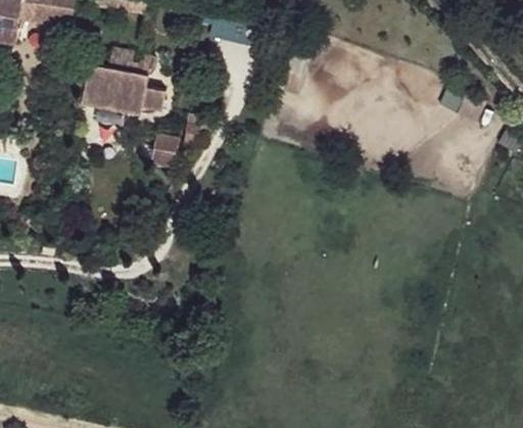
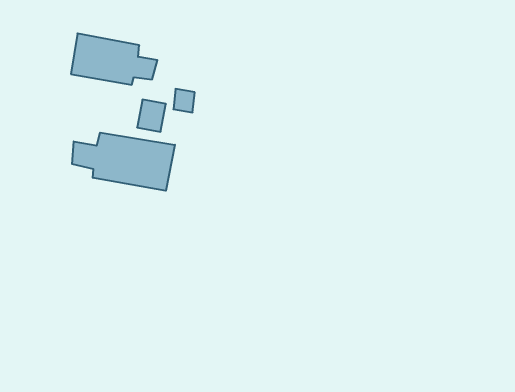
building: none -> [72,133,175,191]

